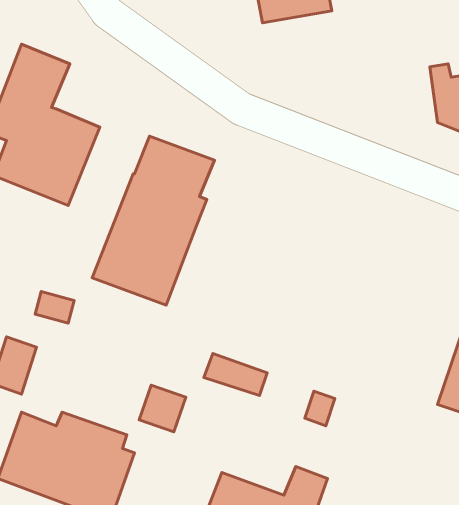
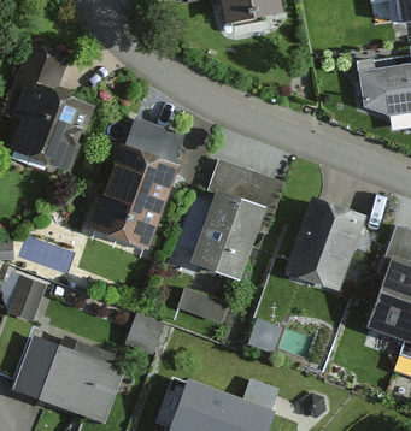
building: none -> [188,158,284,284]
building: none -> [287,200,364,289]

